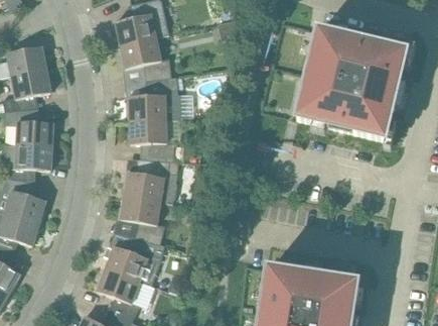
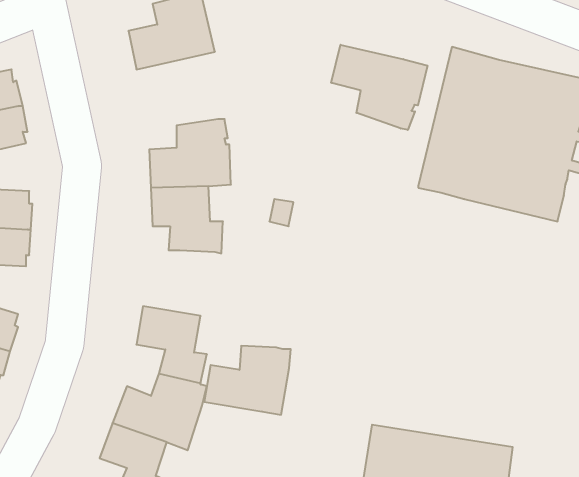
building: none -> [331,45,427,130]
building: [120,36,171,80] -> none
building: [124,158,178,202] -> [204,346,291,415]

